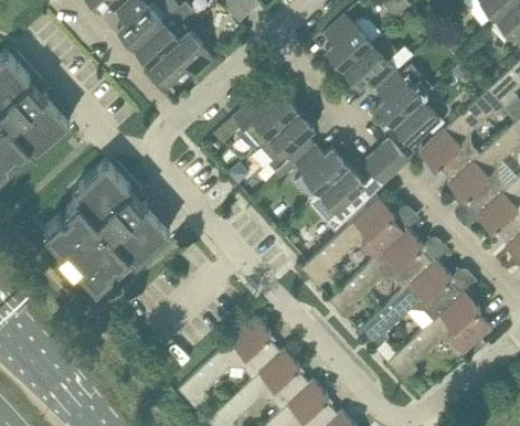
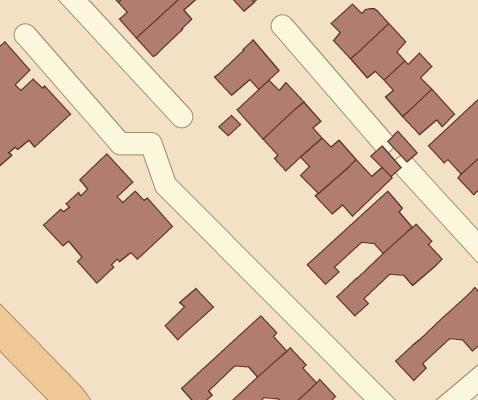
building: [151,31,214,85] -> [215,40,279,95]
building: [359,262,461,351] -> none
building: none -> [165,288,213,340]

